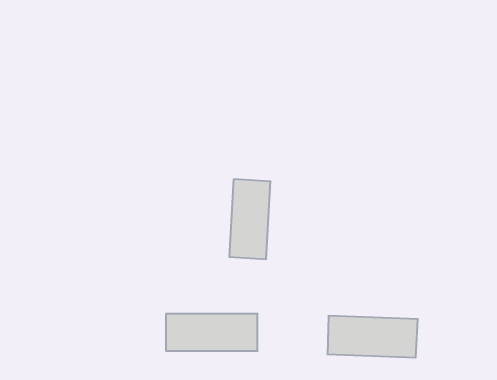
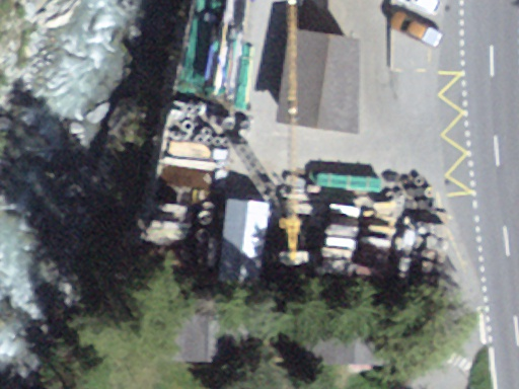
building: none -> [288,43,360,128]

